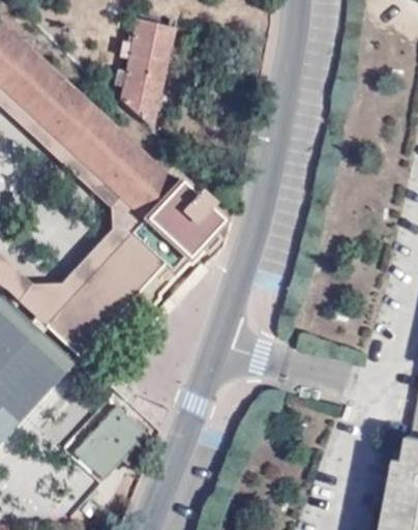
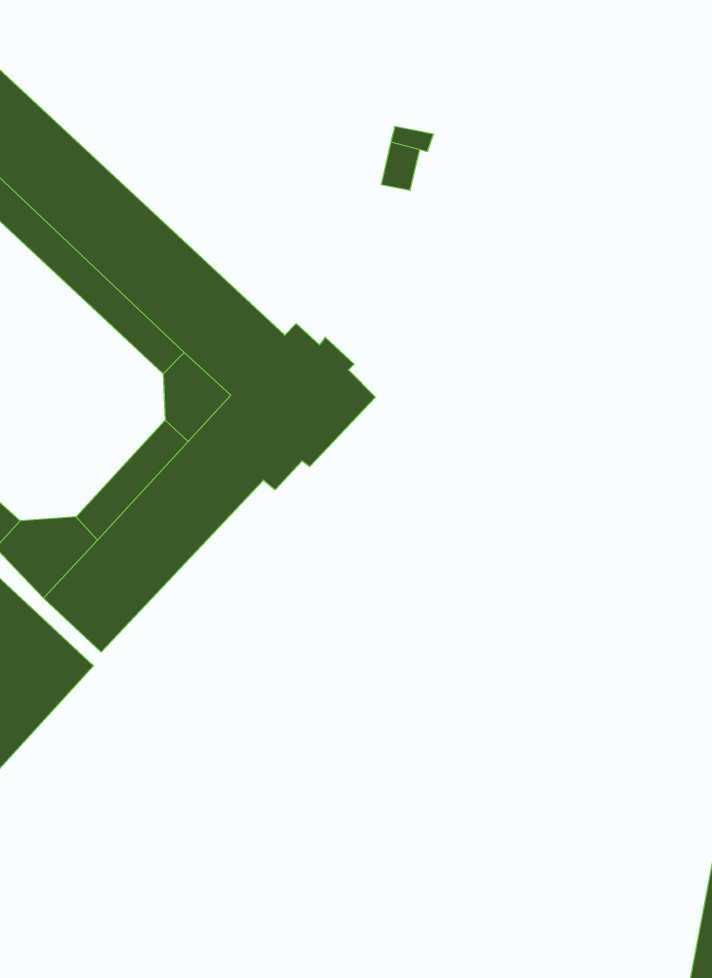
building: [118,18,174,128] -> none
building: [71,404,145,479] -> none

